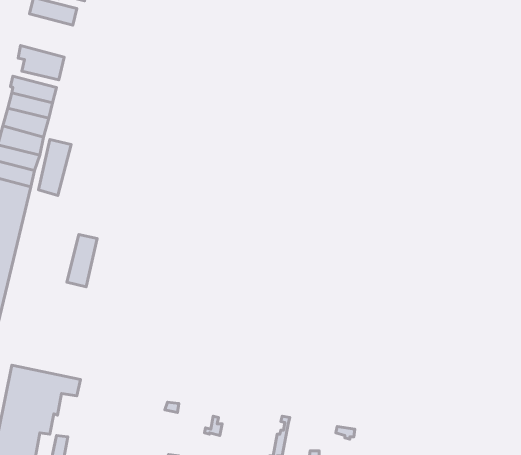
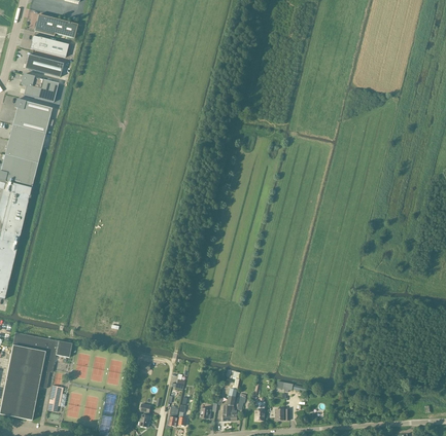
building: none -> [25,53,63,76]
building: [38,140,71,196] -> none
building: [67,235,97,287] -> none

